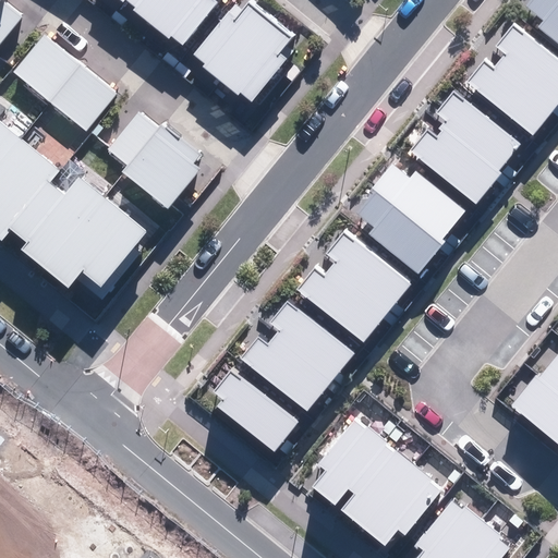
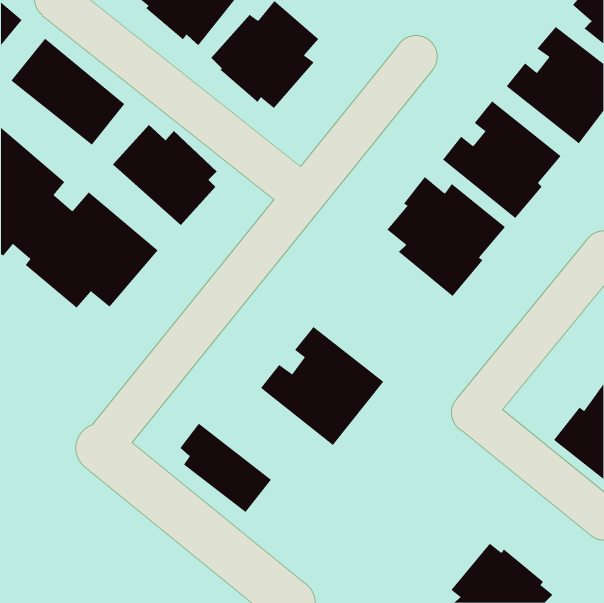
building: [296,230,412,342] -> none
building: [214,368,299,451] -> [180,423,272,513]
building: [312,417,442,545] -> none

